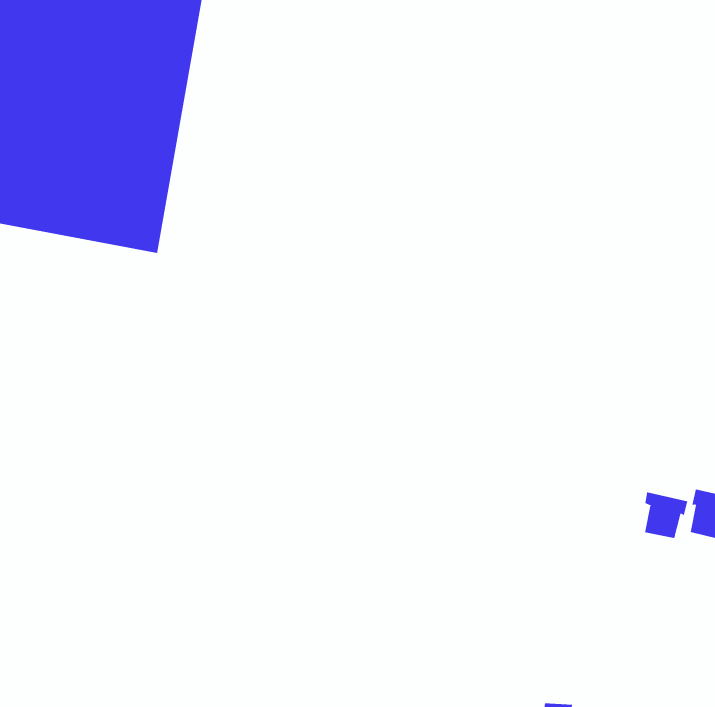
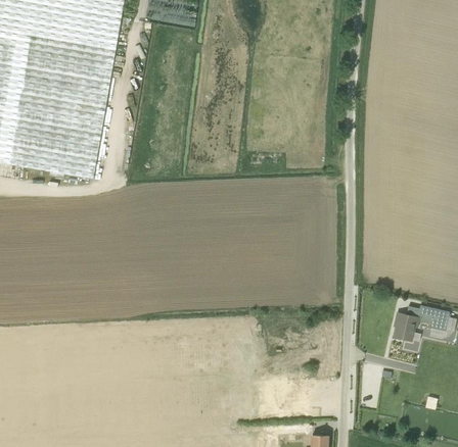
building: [644,492,688,539] -> none

